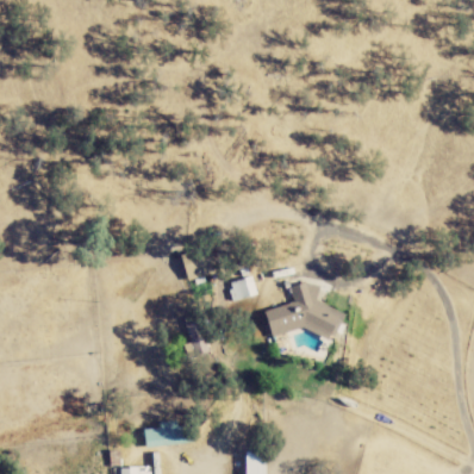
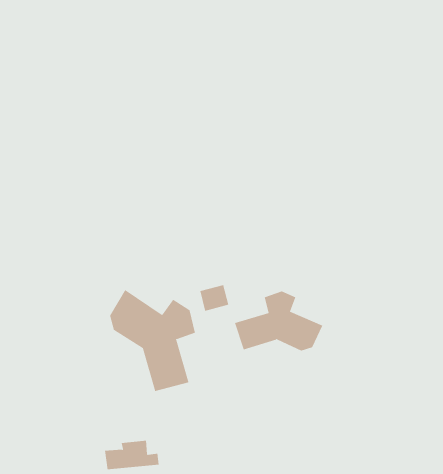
building: none -> [110,289,195,392]

